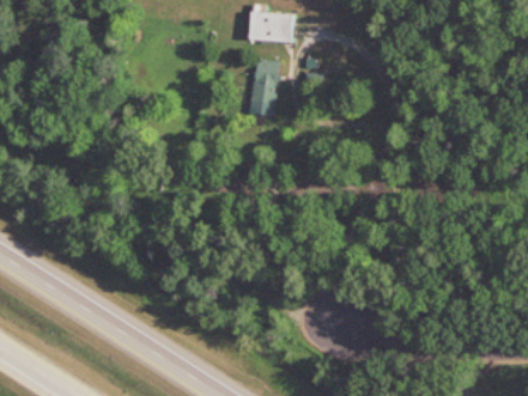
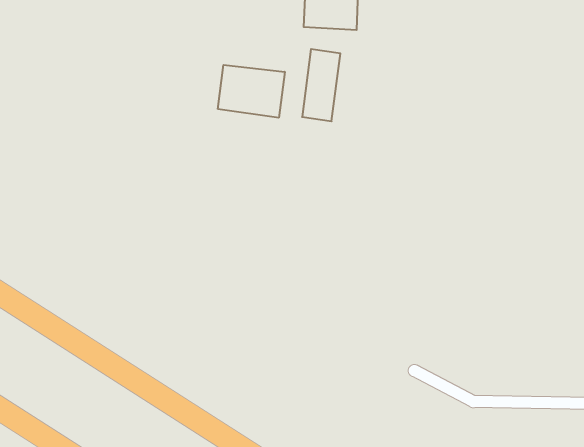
building: none -> [218,65,285,118]

